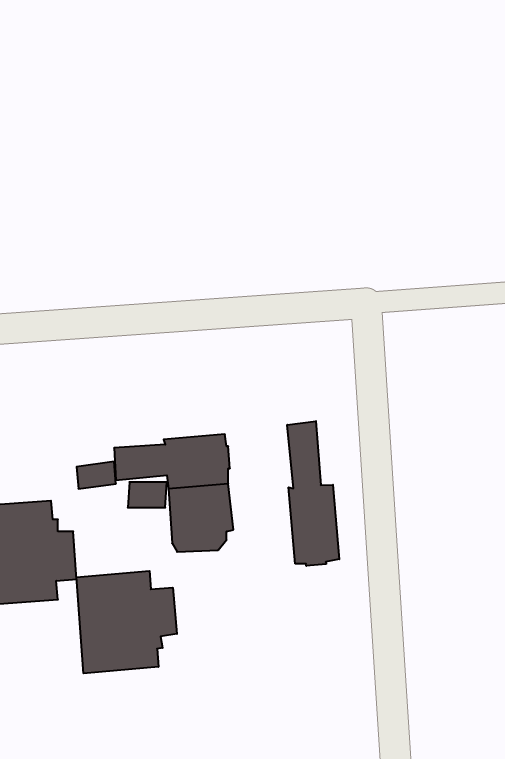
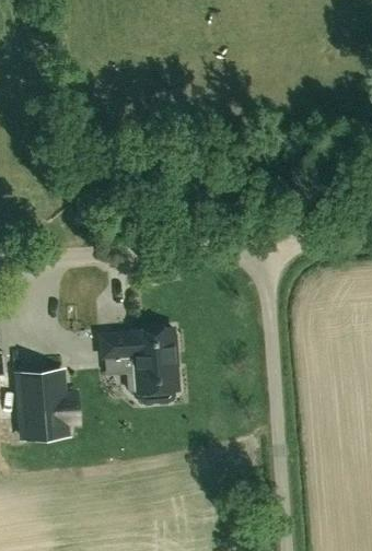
building: [287,421,339,566] -> none
building: [77,571,177,673] -> none

